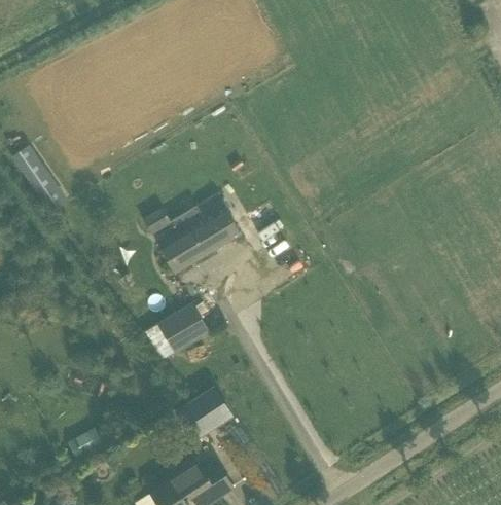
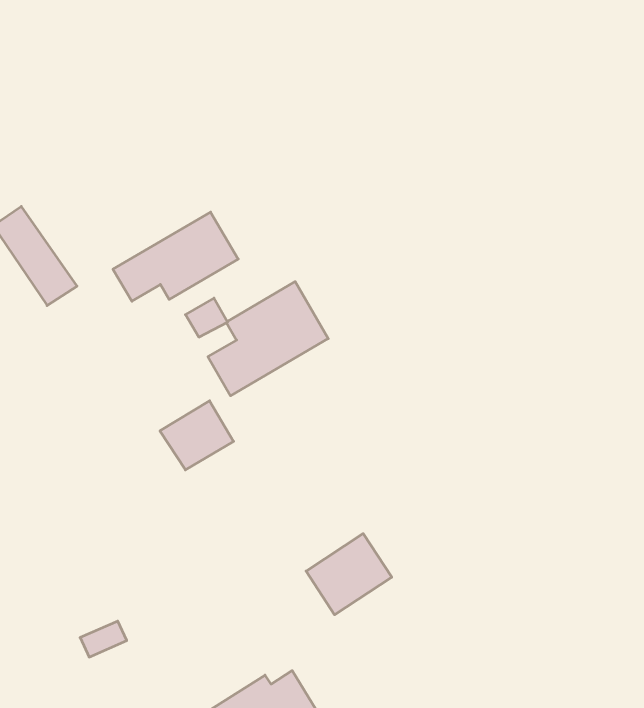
building: none -> [113,212,238,301]
building: [157,305,208,353] -> [160,401,234,470]
building: [173,388,231,443] -> [306,534,392,615]

